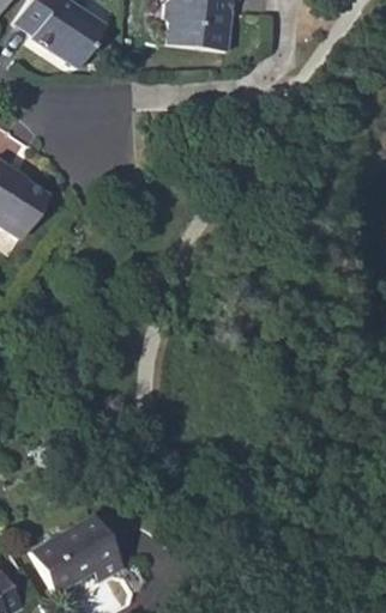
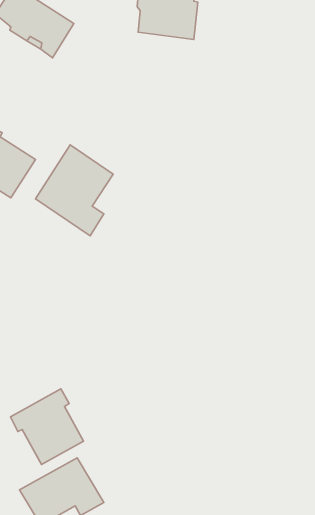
building: none -> [35,145,113,236]
building: none -> [11,389,83,464]

